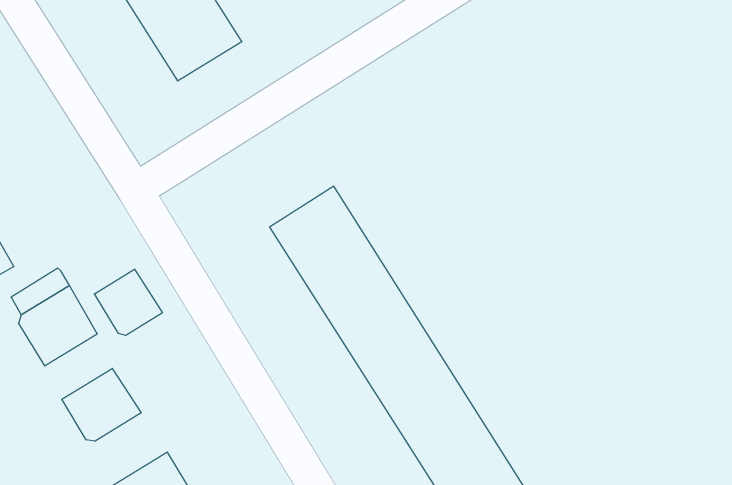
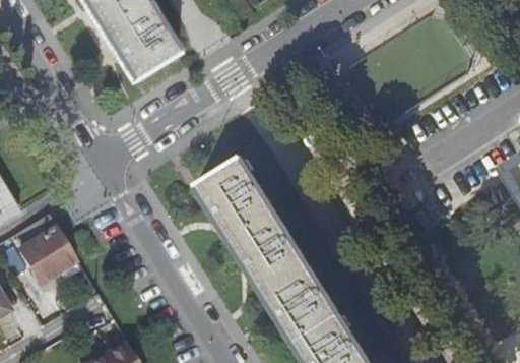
building: [94,269,162,335] -> none
building: [62,368,141,441] -> none

